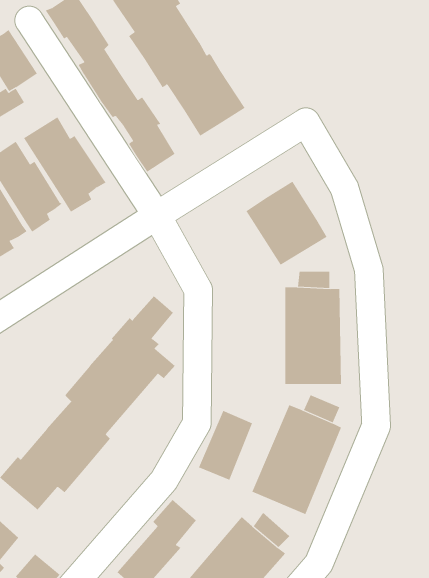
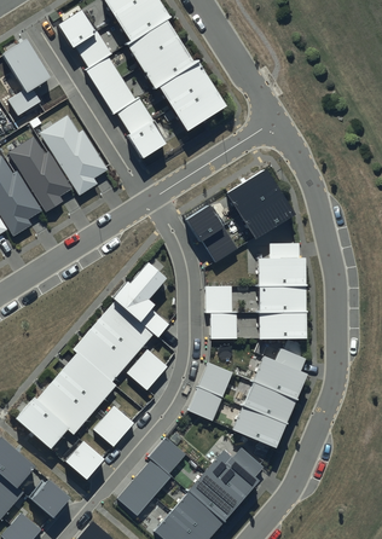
building: none -> [186,207,237,262]
building: none -> [206,285,237,338]
building: none -> [127,349,167,390]
building: none -> [93,406,134,446]
building: none -> [66,442,104,480]

